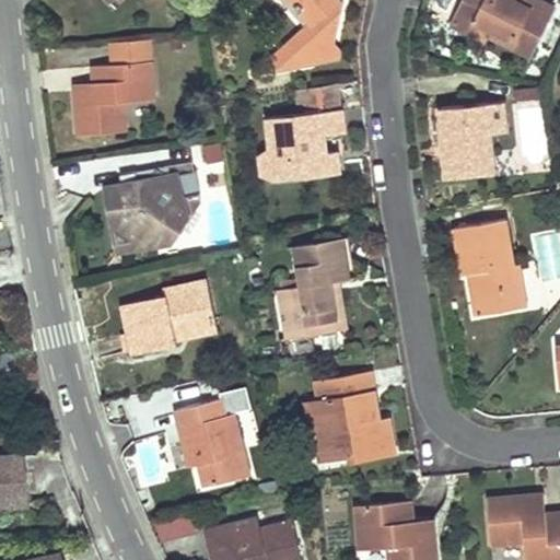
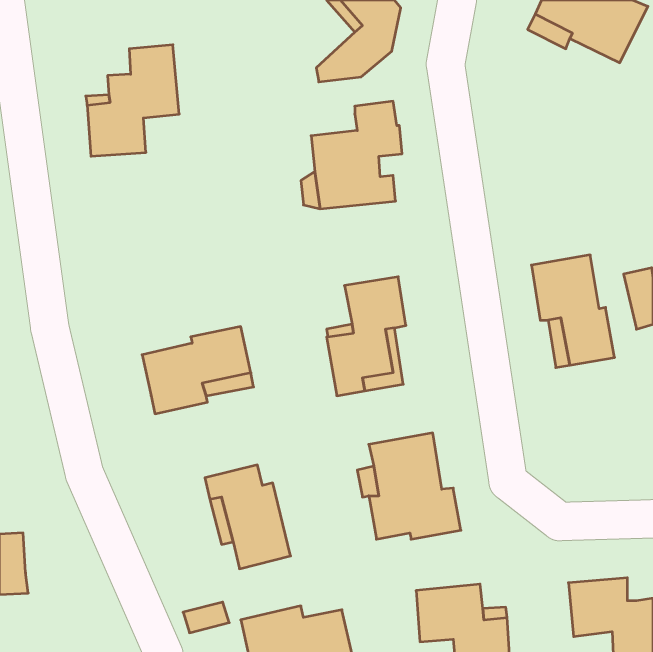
building: [439,102,508,178] -> none
building: [103,162,199,252] -> none

